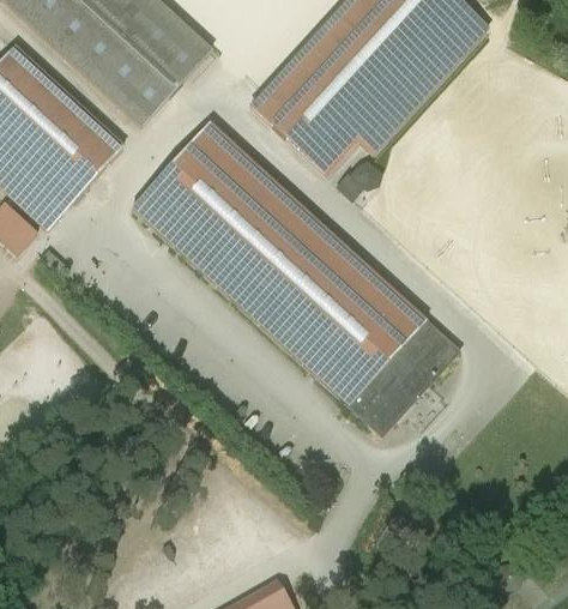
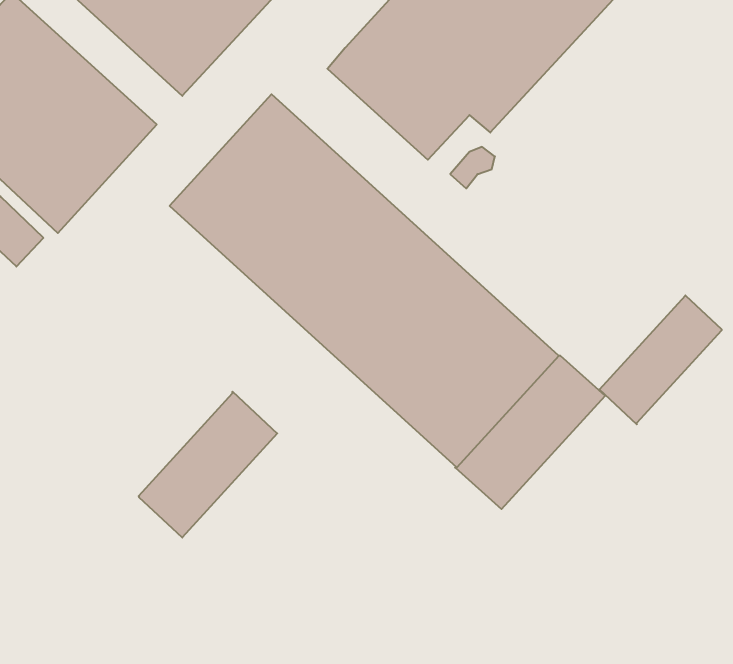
building: none -> [599,295,722,424]
building: none -> [139,392,277,538]

